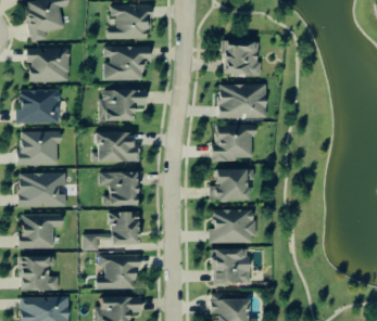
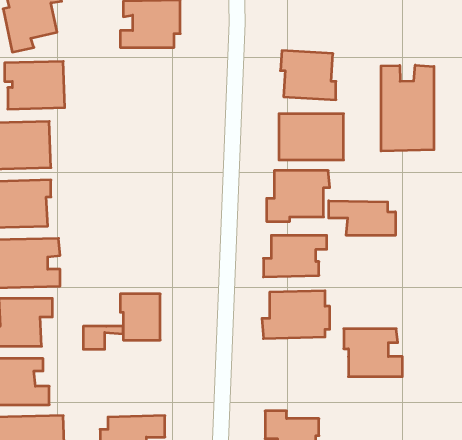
building: [104,47,150,79] -> none
building: none -> [381,65,434,151]
building: [99,90,144,120] -> none
building: [92,132,139,162] -> none
building: none -> [329,201,395,235]
building: [100,172,136,205] -> none
building: [210,249,251,283] -> [344,329,402,377]
building: [97,255,139,288] -> none

